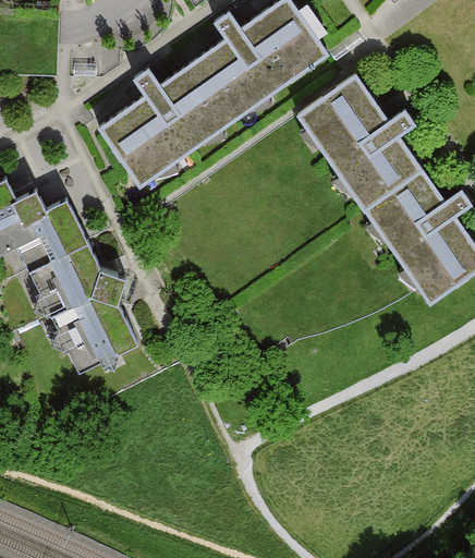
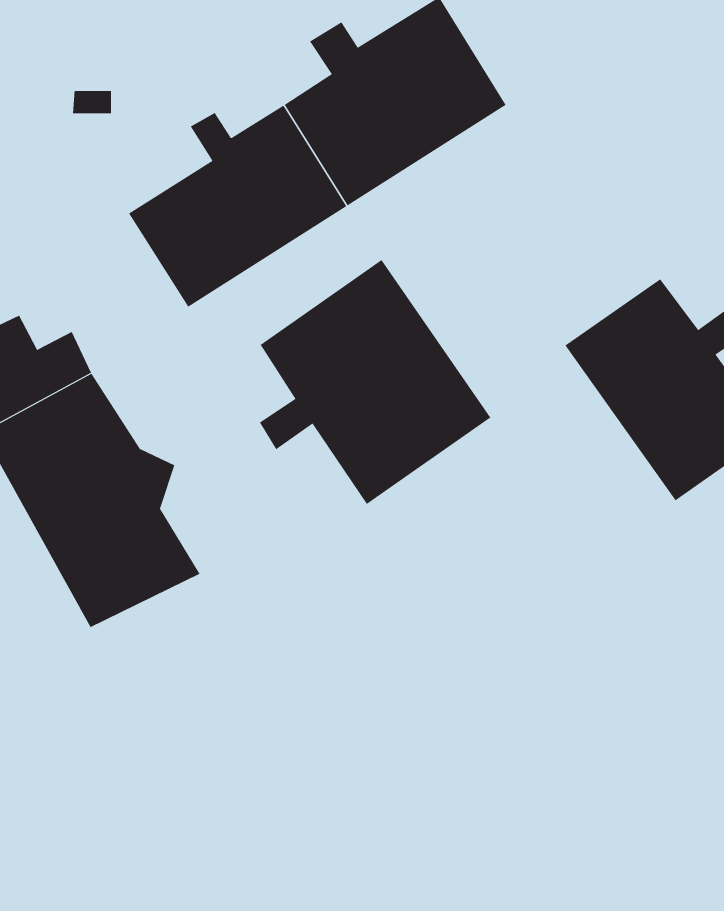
building: [297,75,421,208] -> none
building: none -> [259,259,491,505]

